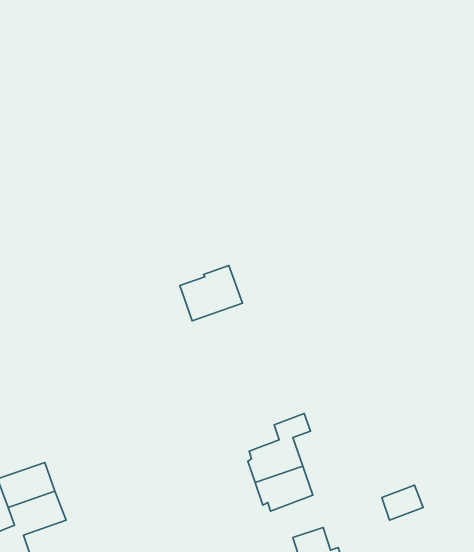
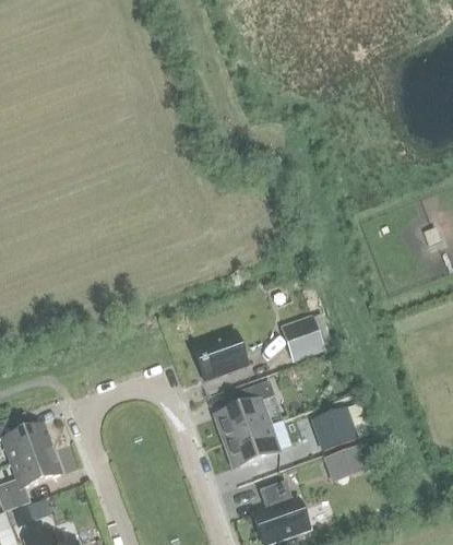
building: [180,266,242,321] -> [193,332,248,380]
building: none -> [281,317,322,360]
building: none -> [313,406,357,450]

